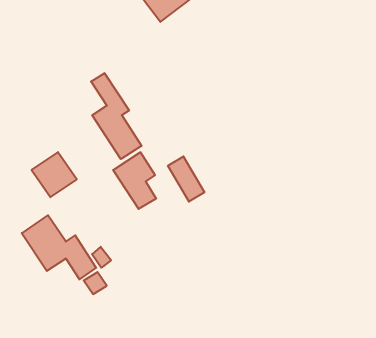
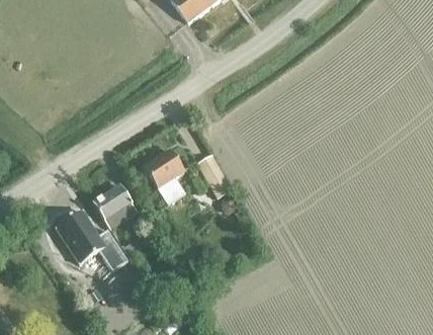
building: [91,73,142,159] -> none
building: [32,152,77,197] -> [93,182,137,226]

